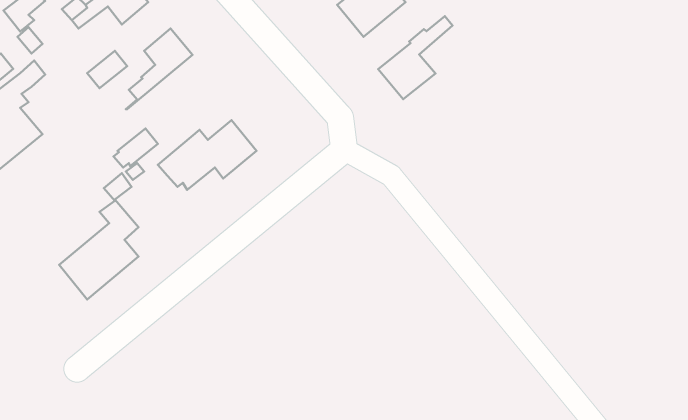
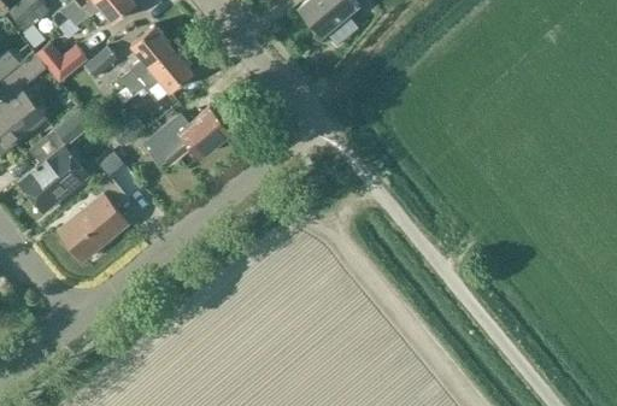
building: [378,16,452,99] -> none
building: none -> [36,42,87,81]
building: none -> [118,49,194,105]
building: none -> [19,110,92,213]

